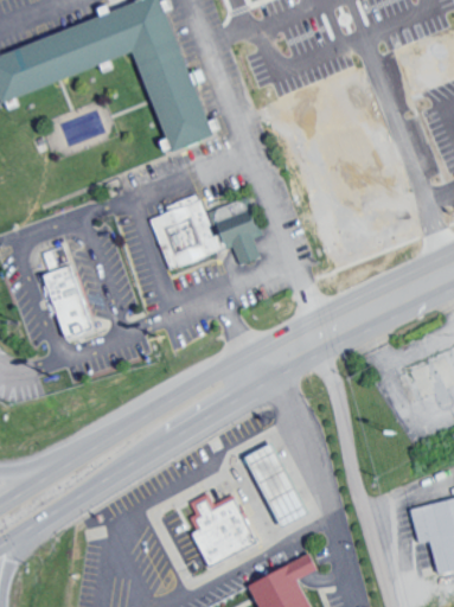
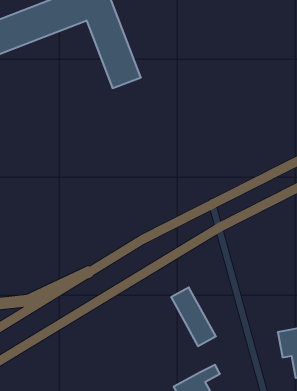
building: [148,198,262,270] -> none
building: [39,264,90,337] -> none
building: [202,498,264,566] -> none

